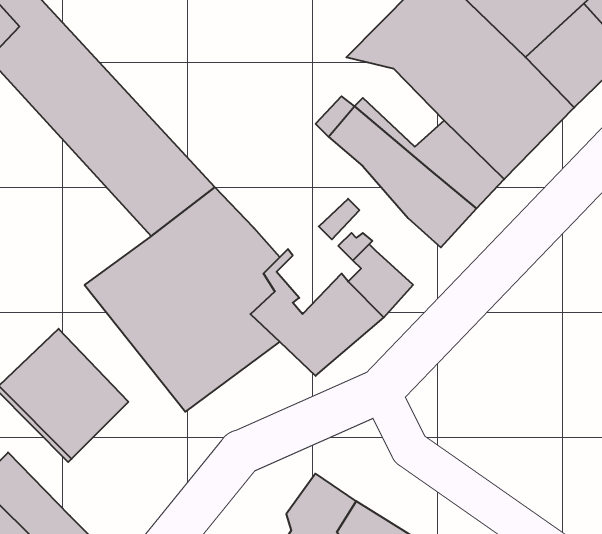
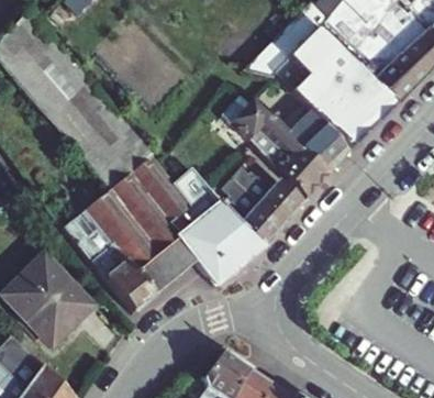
building: none -> [179,167,241,243]
building: none -> [261,181,305,223]

